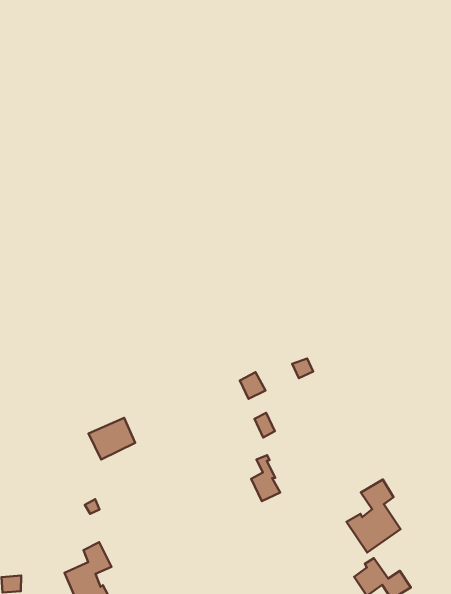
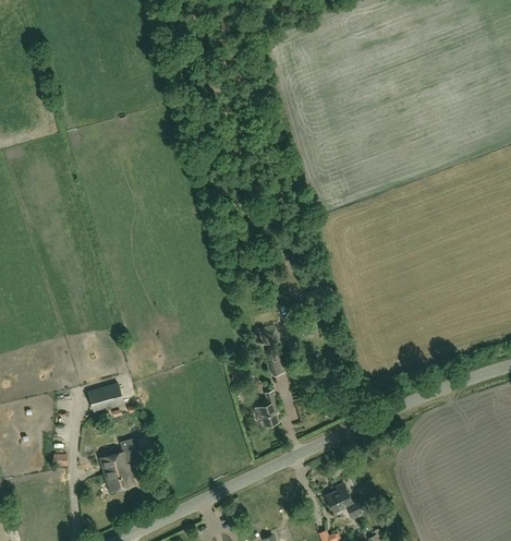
building: [88,418,135,460] -> [88,384,123,413]
building: [347,480,401,553] -> none

